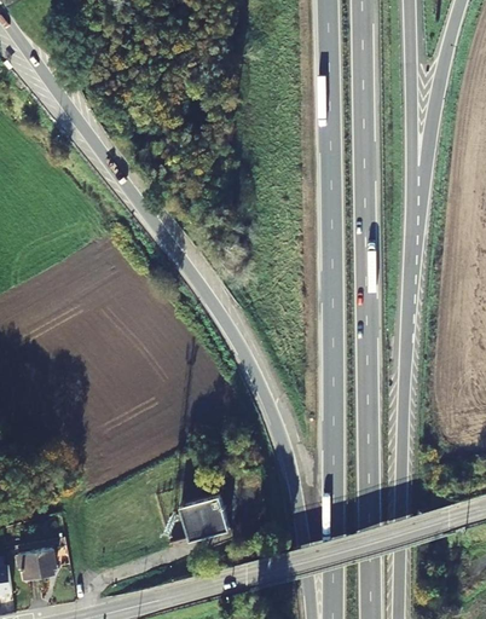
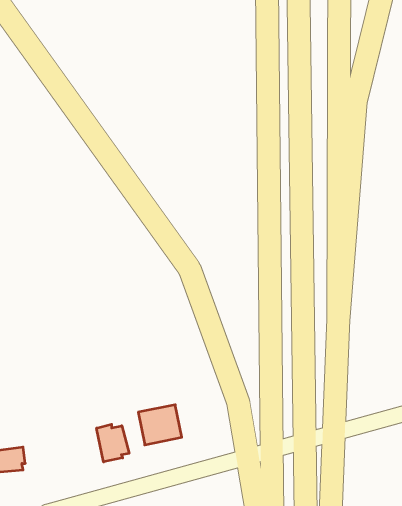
building: none -> [97,424,129,462]

